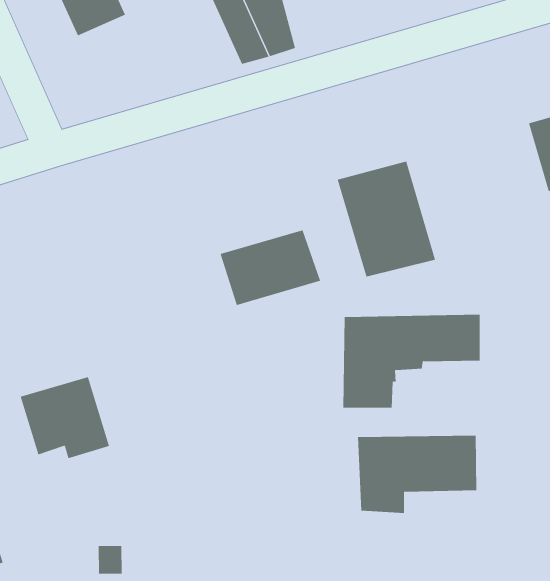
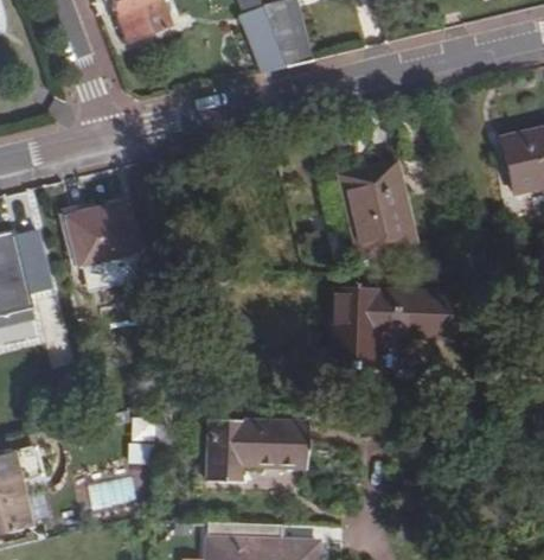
building: [220,229,321,306] -> none
building: [20,376,110,459] -> [71,206,143,274]
building: [357,435,477,514] -> [204,421,305,488]

